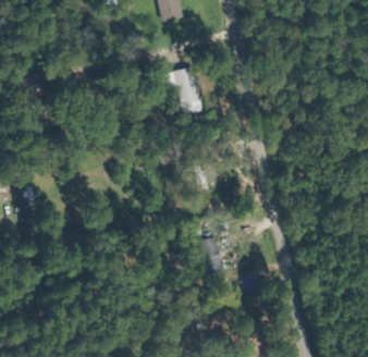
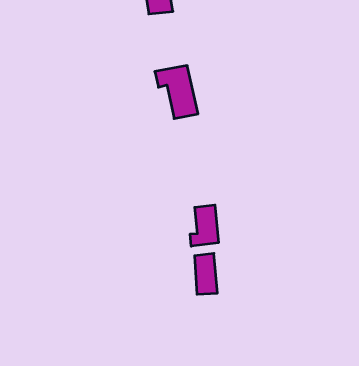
building: none -> [190,205,218,246]

